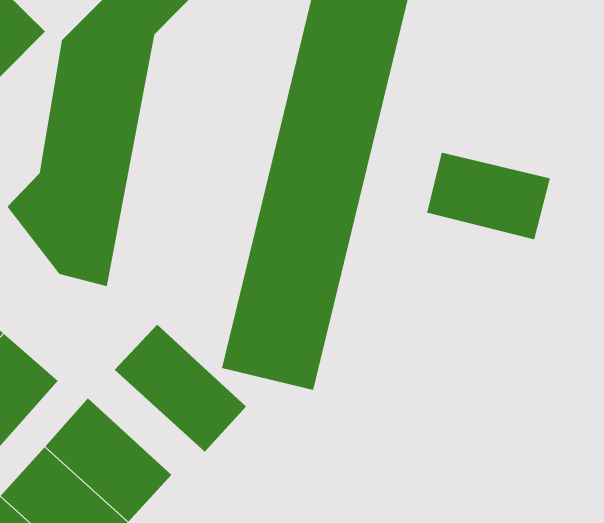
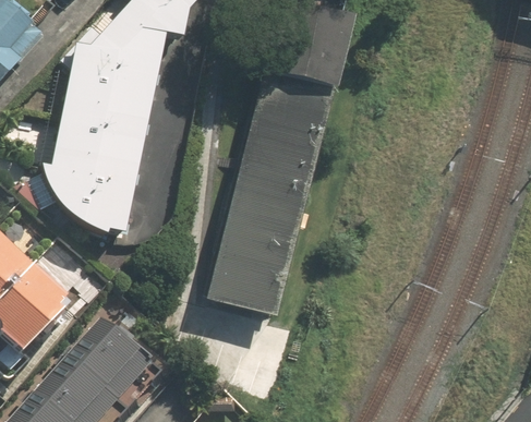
building: [427,152,551,240] -> none
building: [114,324,247,453] -> none

